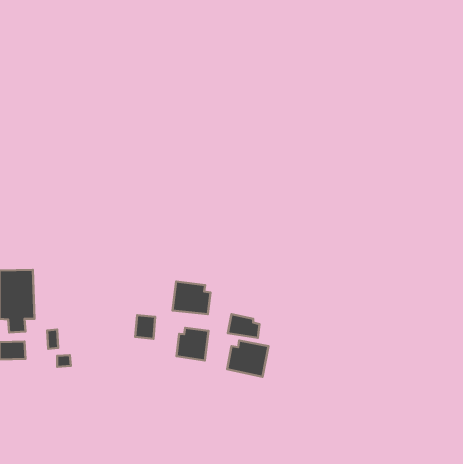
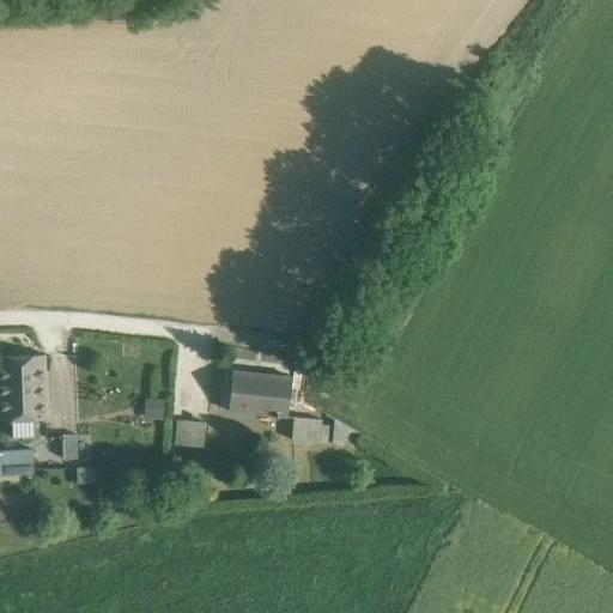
building: [176,328,208,360] -> none
building: [227,340,268,377] -> none

